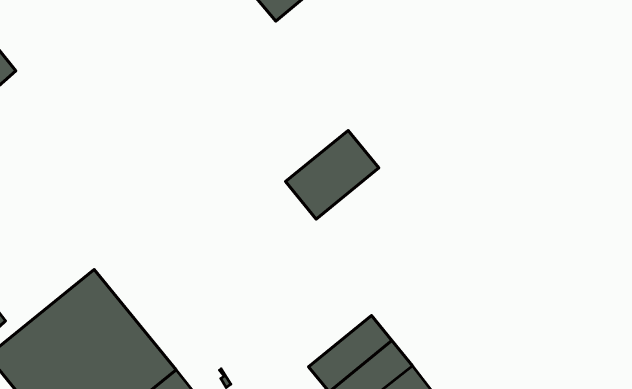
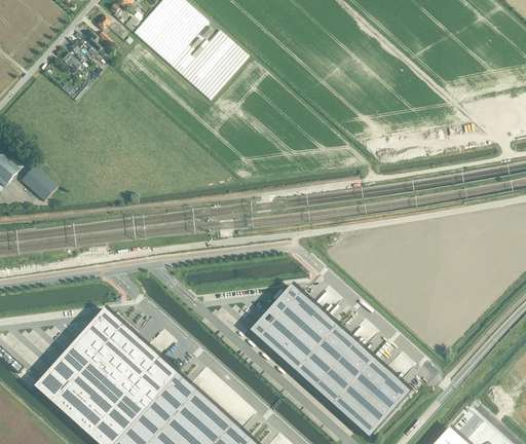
building: none -> [23,164,59,200]
building: [285,130,379,219] -> [251,285,320,356]

